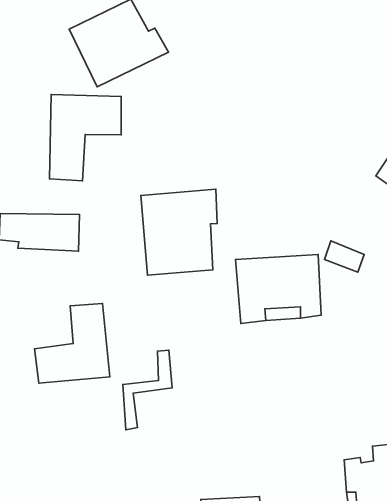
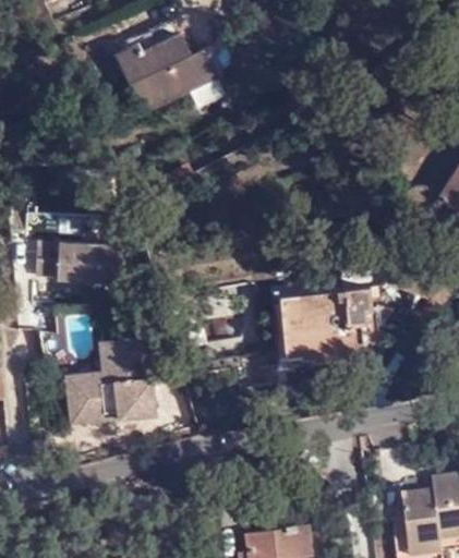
building: [50,94,121,181] -> none
building: [141,189,217,275] -> none
building: [123,350,172,430] -> [65,340,117,423]

